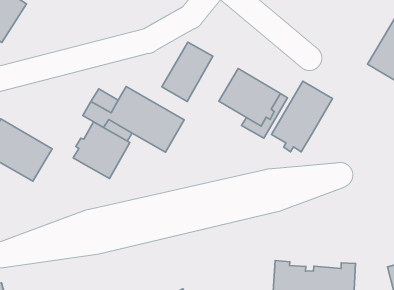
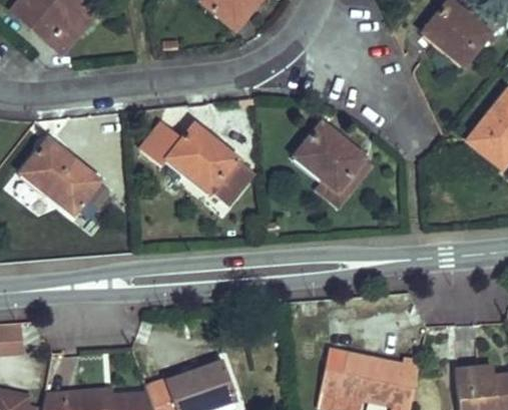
building: [162,42,213,102] -> none
building: [272,81,333,152] -> none
building: [73,122,130,179] -> none

